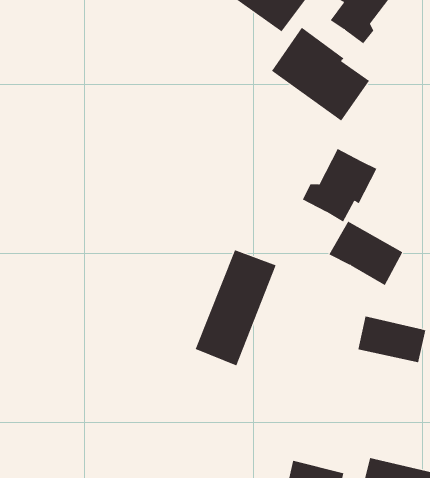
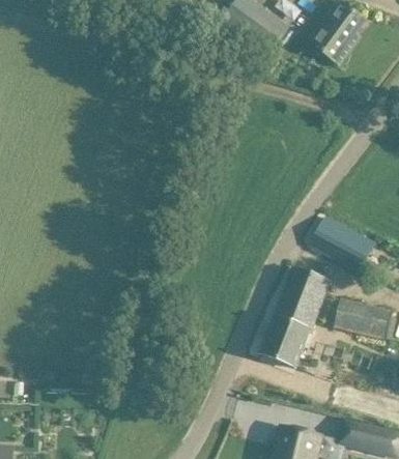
building: [271,27,370,121] -> none
building: [302,148,377,223] -> none
building: [195,250,277,366] -> [259,267,330,368]

